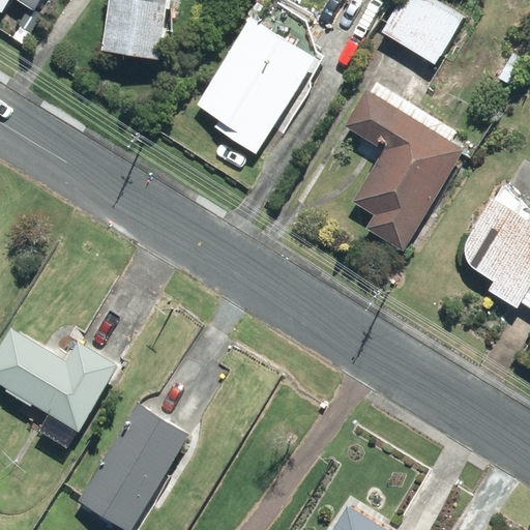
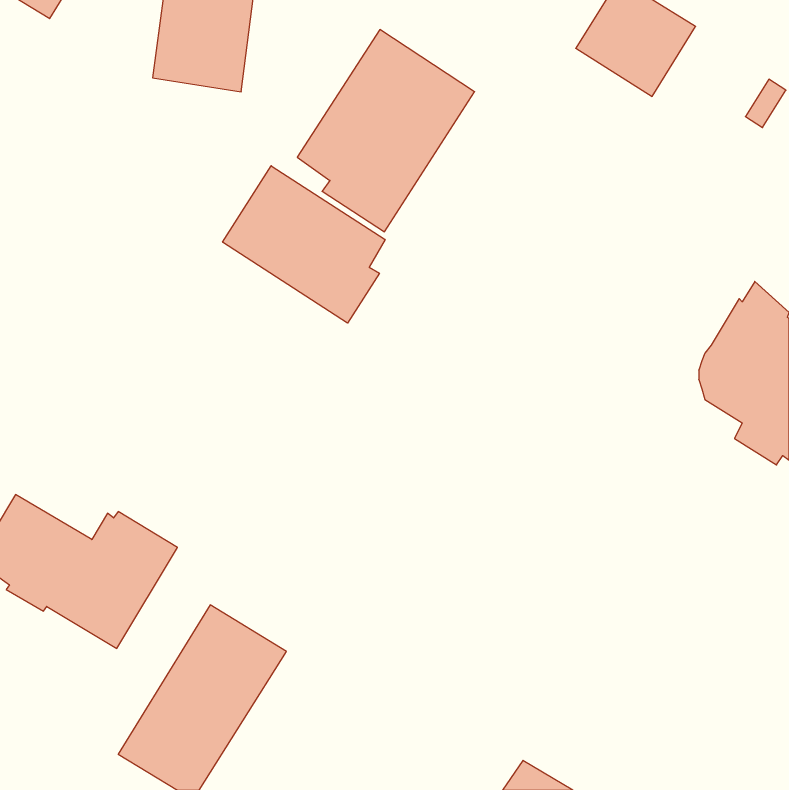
building: [344,83,463,251] -> none
building: none -> [223,166,385,323]

